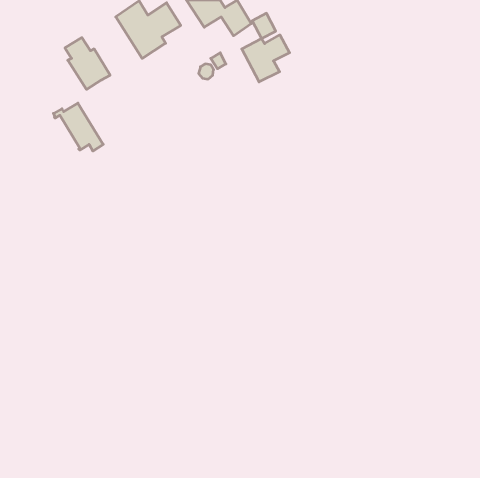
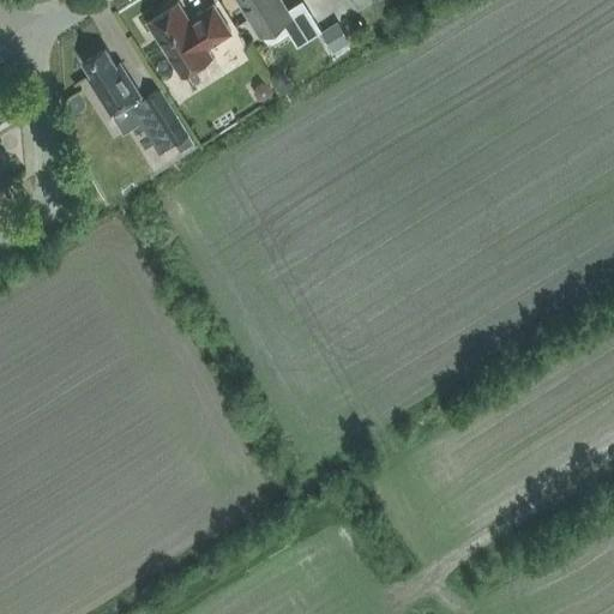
building: [242,35,290,82] -> none
building: [53,103,103,151] -> [130,92,193,154]

